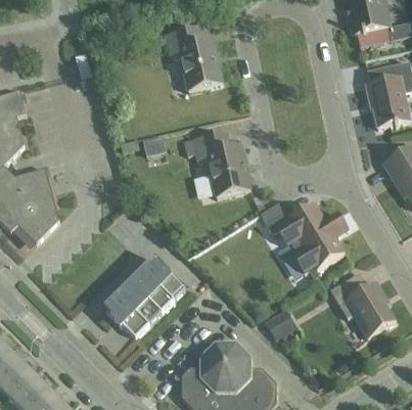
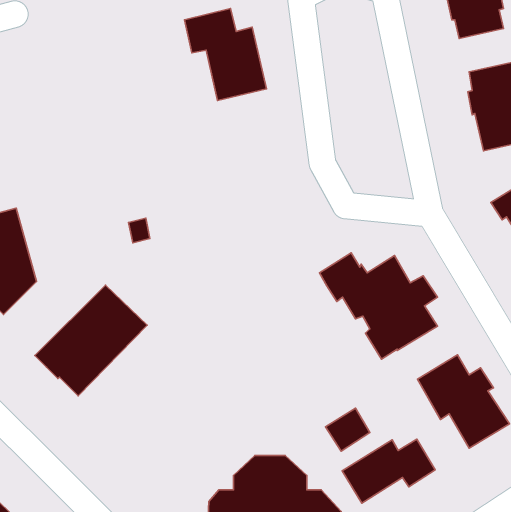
building: [192,131,250,197] -> none
building: [104,259,184,337] -> [35,285,147,396]
building: none -> [342,439,435,503]

